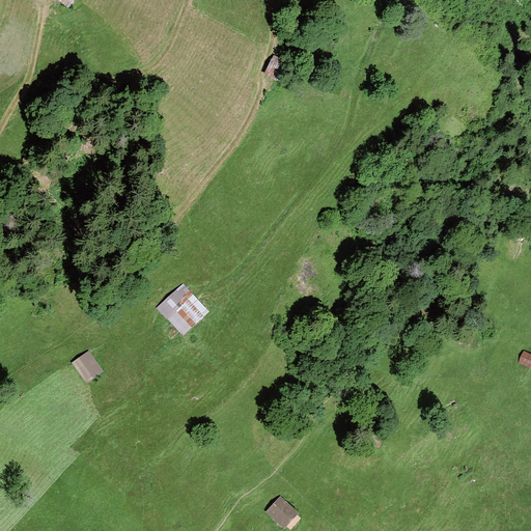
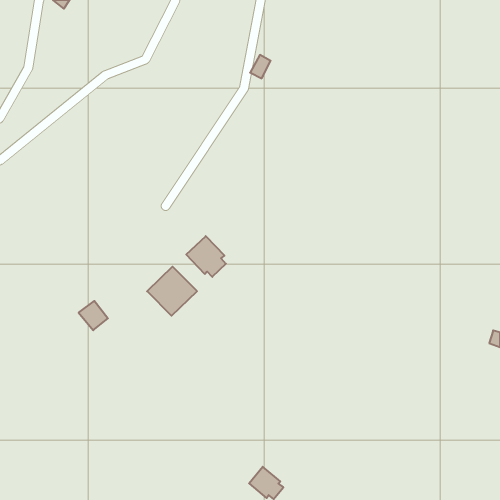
building: none -> [186,236,226,277]
building: [71,351,102,382] -> [79,301,108,330]

